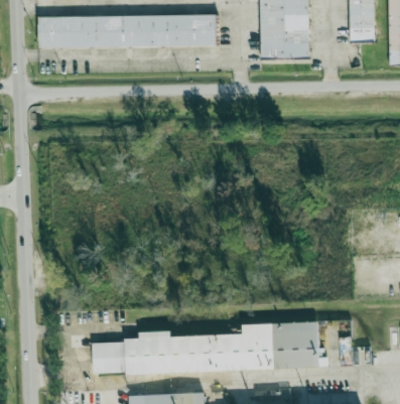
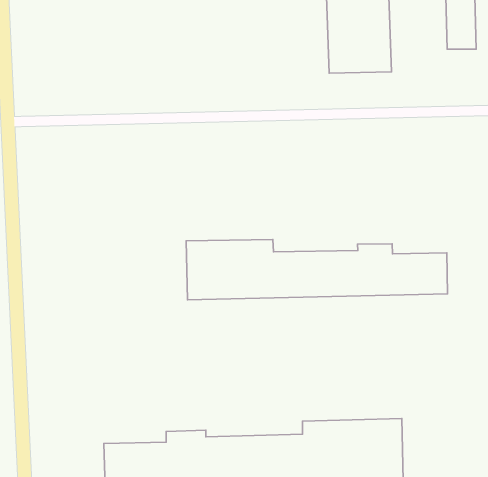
building: [39,13,216,48] -> none
building: none -> [186,239,448,300]

